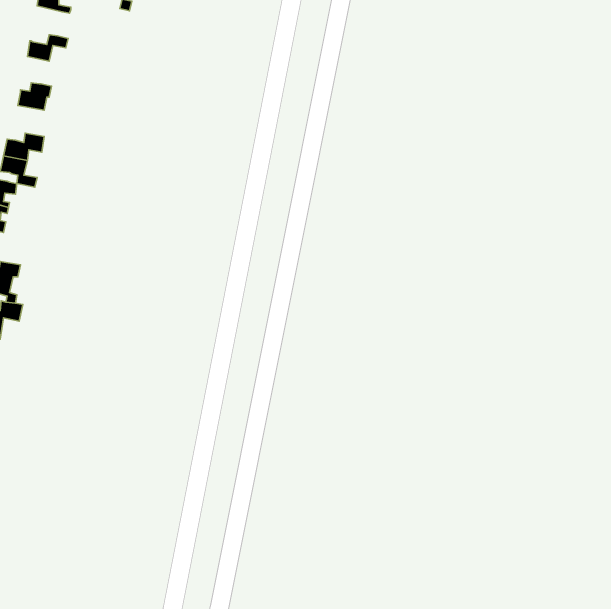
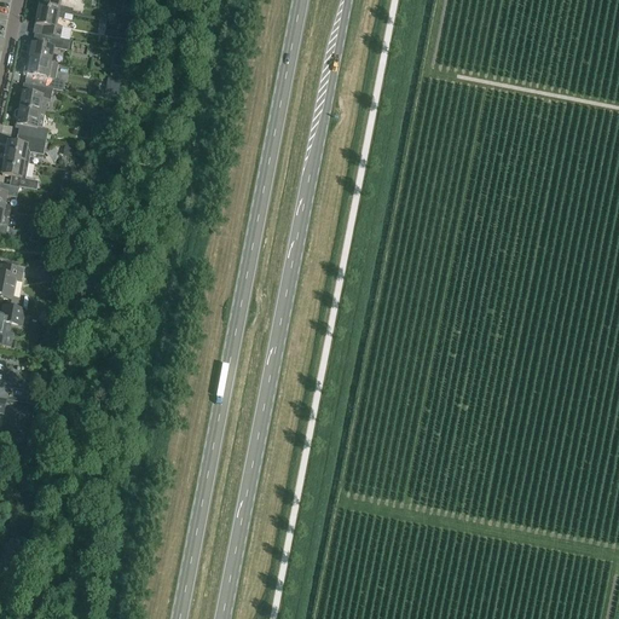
building: none -> [34,6,63,36]
building: none -> [24,57,63,89]
building: none -> [13,106,47,138]

